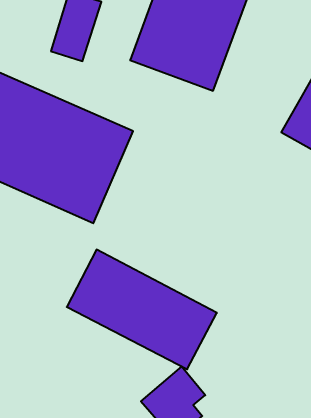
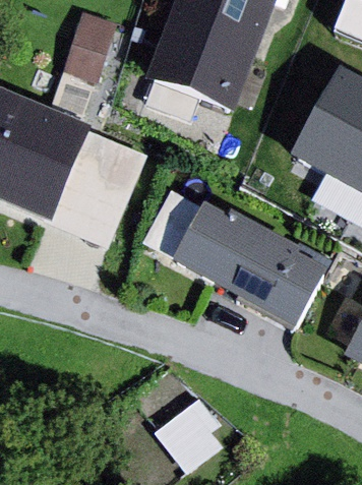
building: [67,250,217,369] -> [172,201,326,324]

